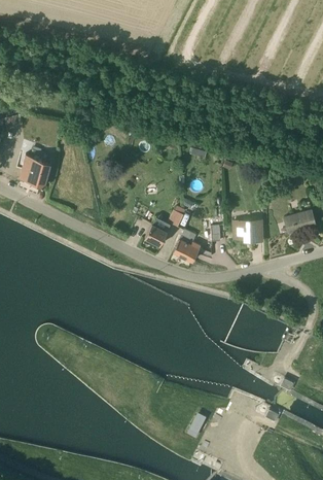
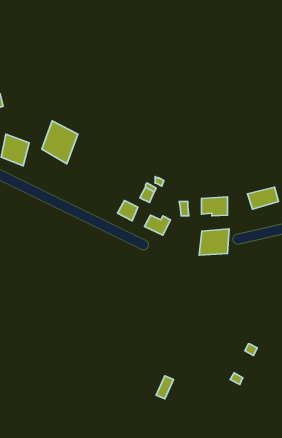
building: none -> [42,121,78,164]
building: none -> [199,229,229,255]

